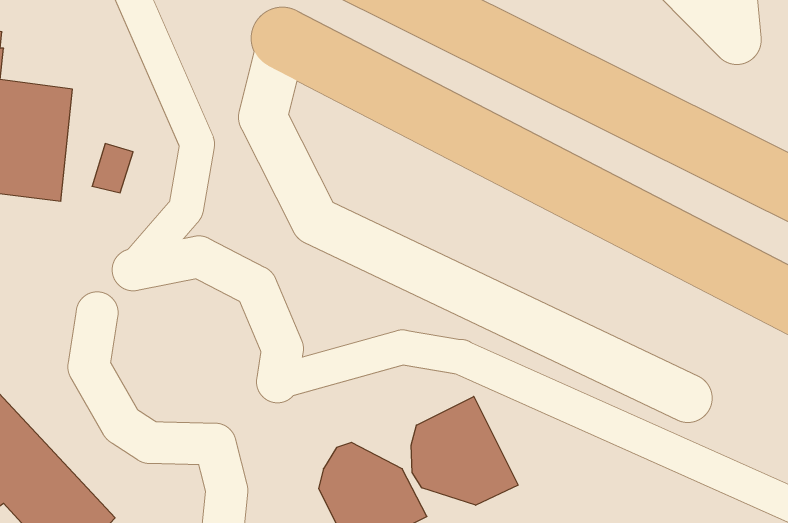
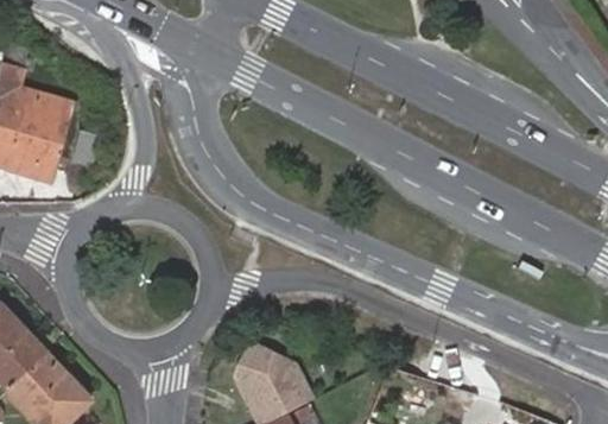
building: [411,396,518,505] -> none

